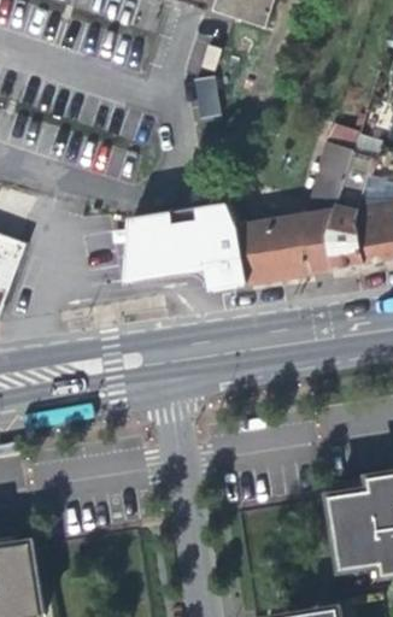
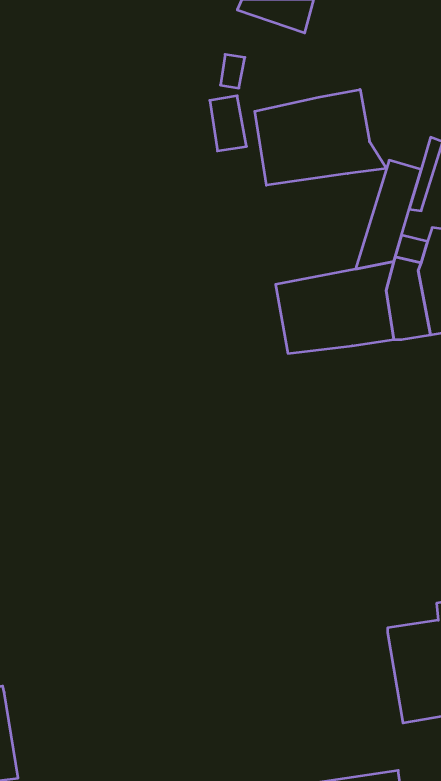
building: none -> [255,89,387,185]
building: [133,200,253,286] -> none

